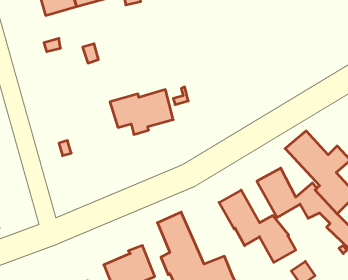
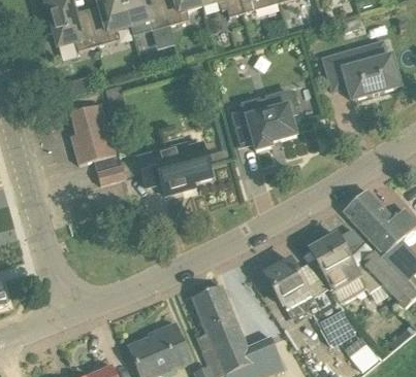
building: none -> [322,43,398,97]
building: none -> [232,90,295,148]
building: none -> [69,101,124,183]

